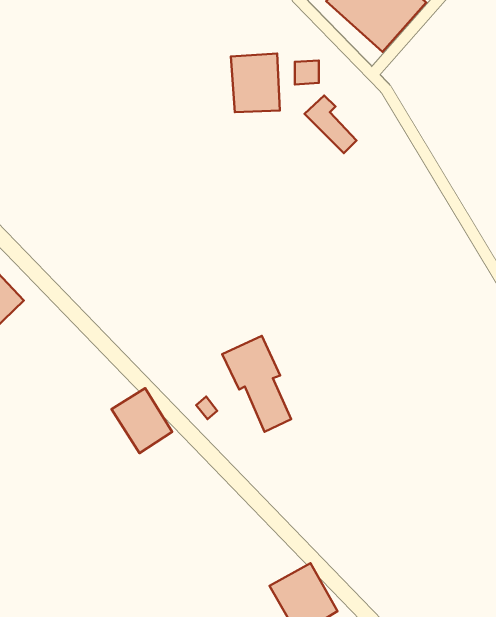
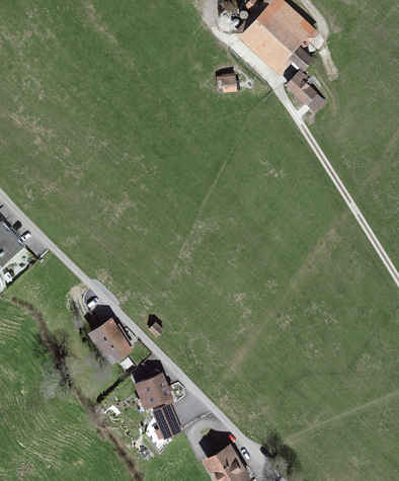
building: [231,54,280,112] -> none
building: [304,95,357,153] -> [288,74,325,115]
building: [222,336,291,432] -> [133,367,182,435]

